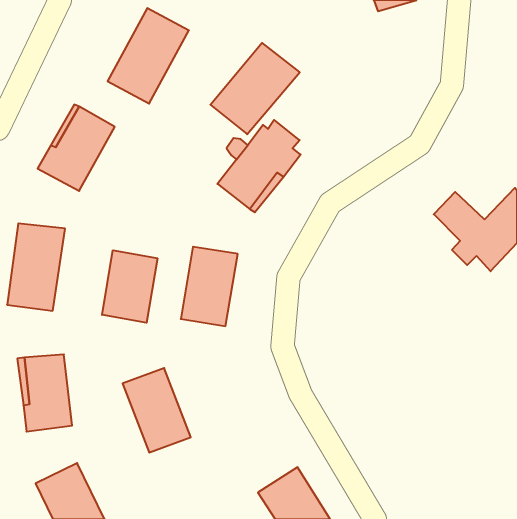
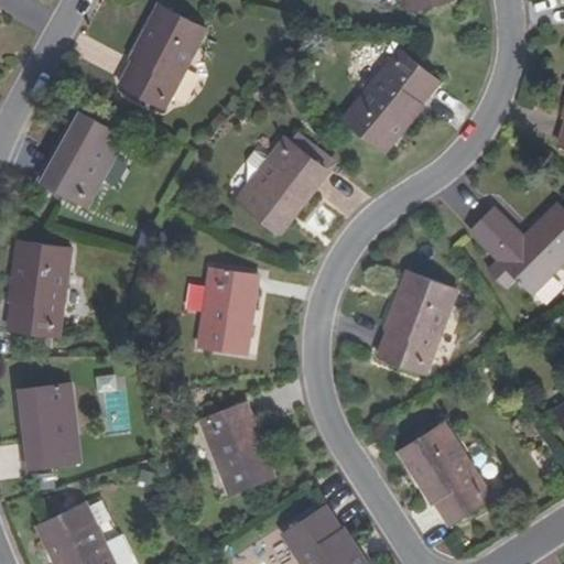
building: [210,43,300,134] -> [344,50,441,149]
building: none -> [380,269,459,370]
building: [102,250,157,323] -> none
building: [123,368,191,452] -> [197,404,271,496]
building: none -> [399,422,490,524]

